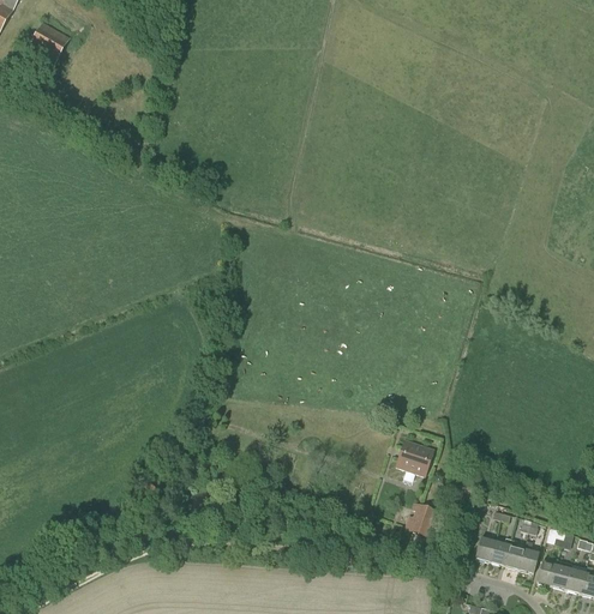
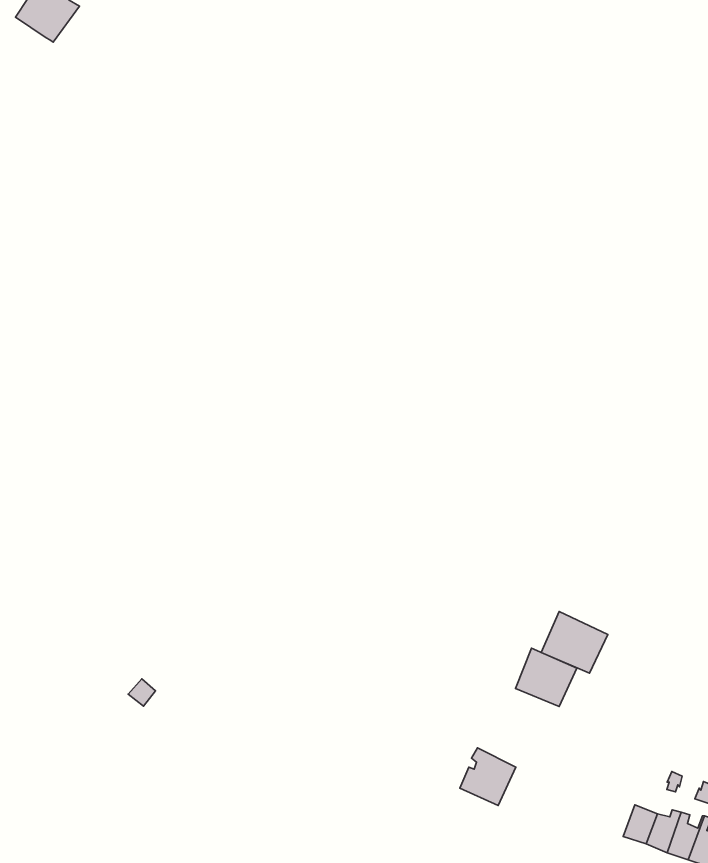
building: none -> [541,611,608,673]
building: [404,501,440,538] -> [460,748,516,806]

